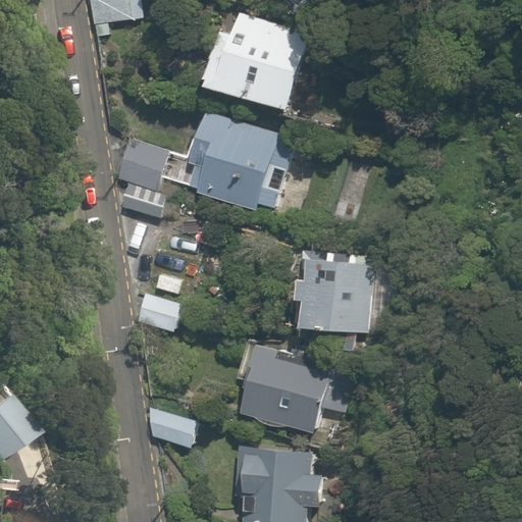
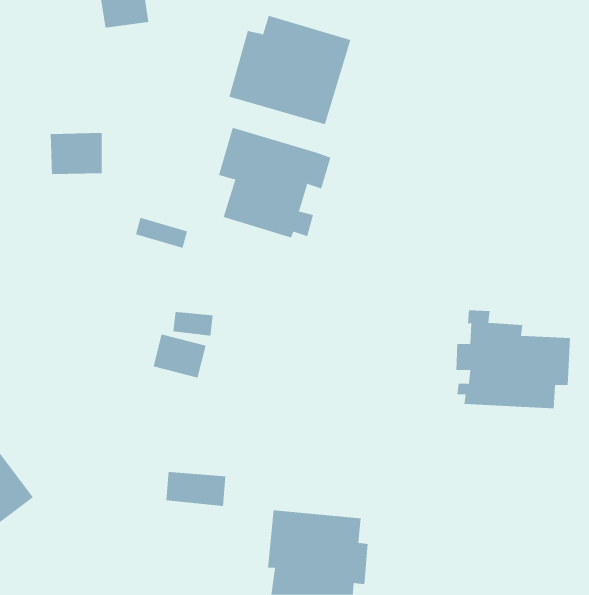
building: [123,142,169,178] -> [50,133,102,175]
building: [293,245,394,331] -> [455,310,571,409]
building: [238,349,342,438] -> none

